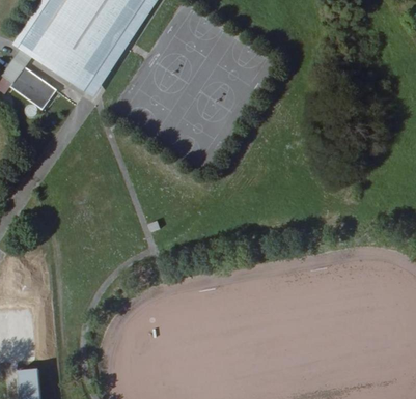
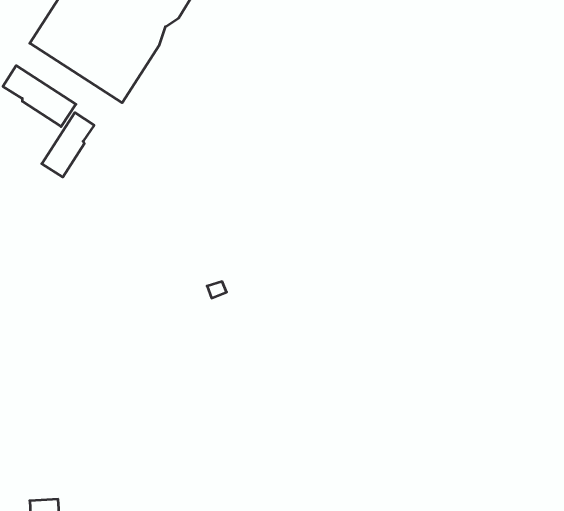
building: none -> [42,113,94,177]

